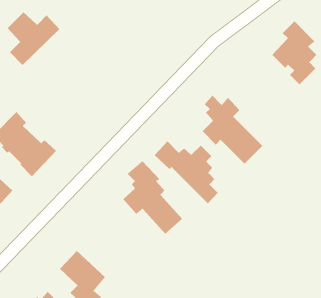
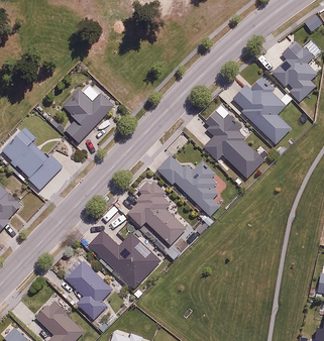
building: [7,12,60,66] -> [63,90,114,142]
building: none -> [233,77,291,144]
building: none -> [88,230,160,291]

